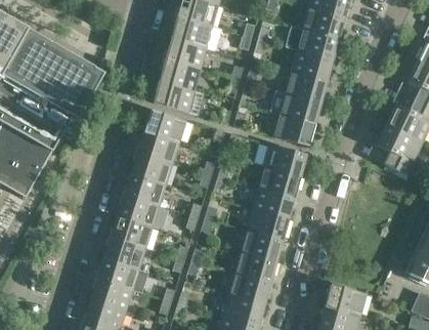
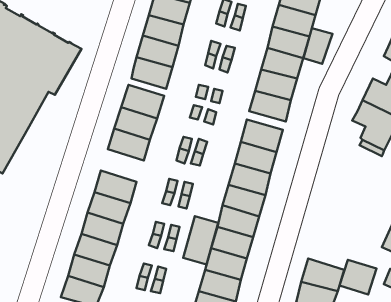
building: none -> [303,28,333,64]
building: [124,172,167,205] -> none
building: none -> [183,216,218,264]
building: none -> [340,260,376,294]

